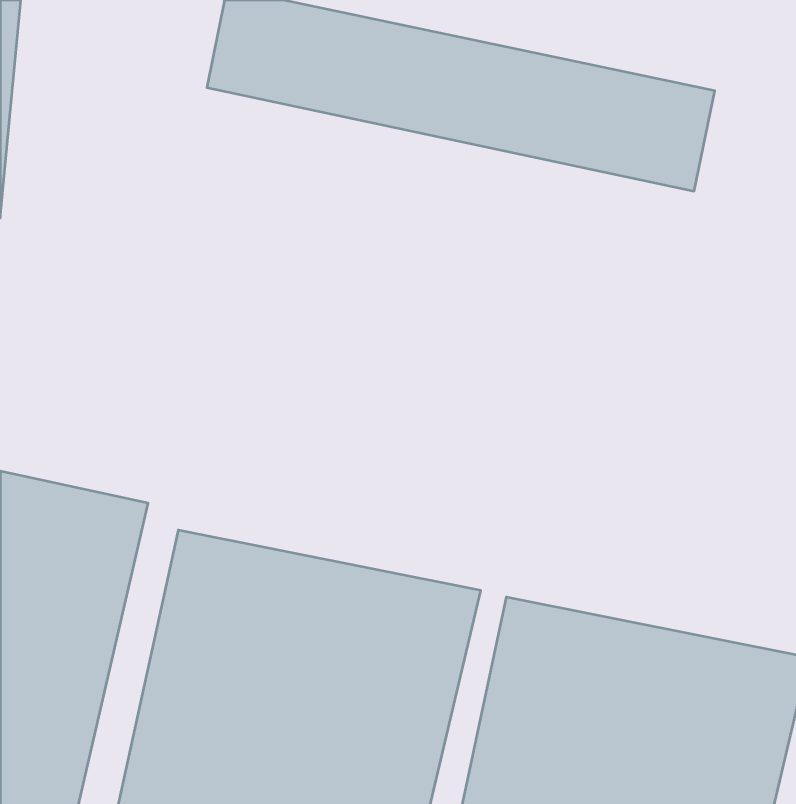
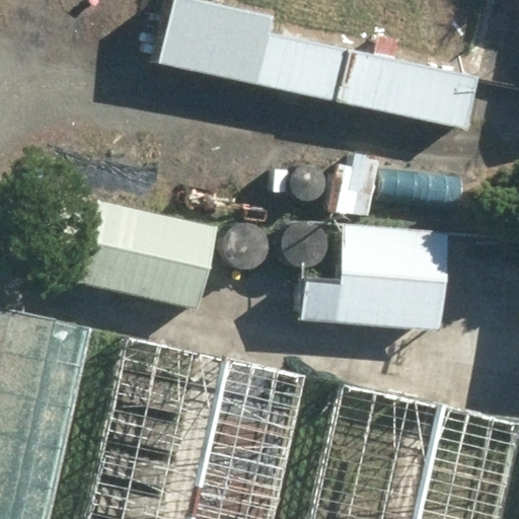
building: none -> [46,194,211,301]
building: none -> [291,215,437,329]

